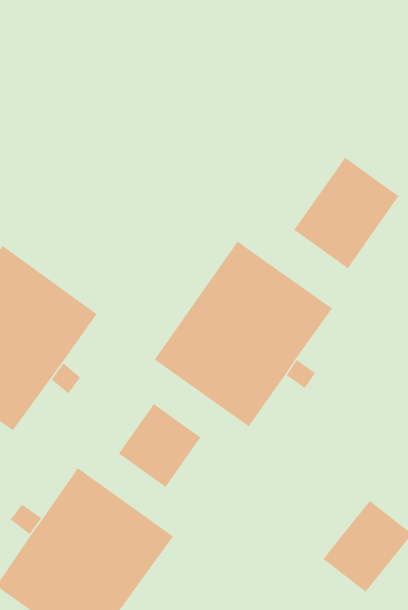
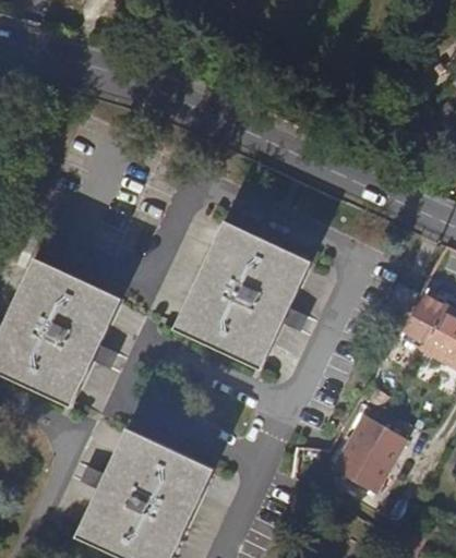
building: [294,157,399,269] -> none
building: [118,403,201,488] -> none

